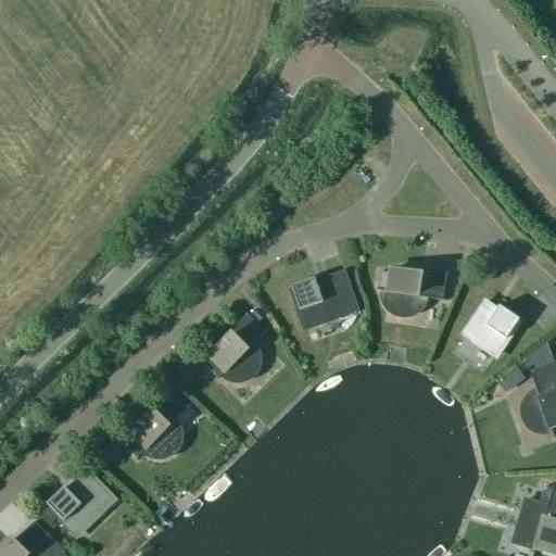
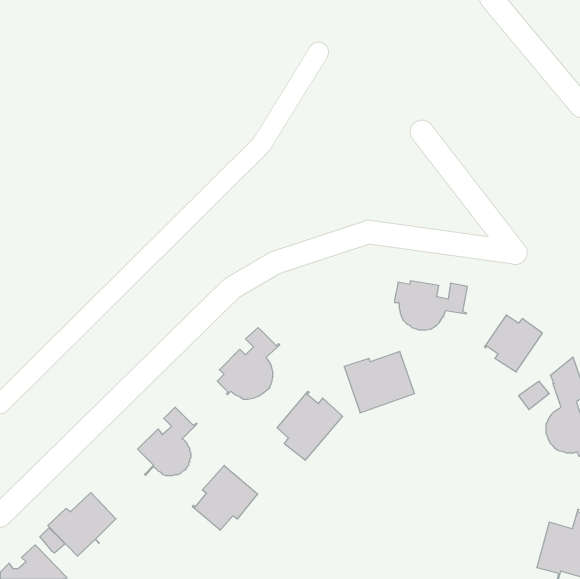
building: [291,270,358,329] -> [344,352,415,413]
building: none -> [277,391,343,460]
building: none -> [192,465,258,530]

